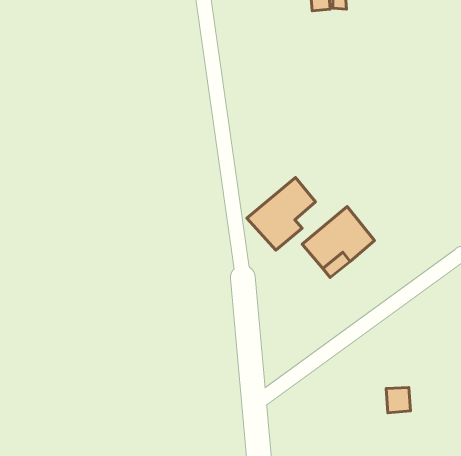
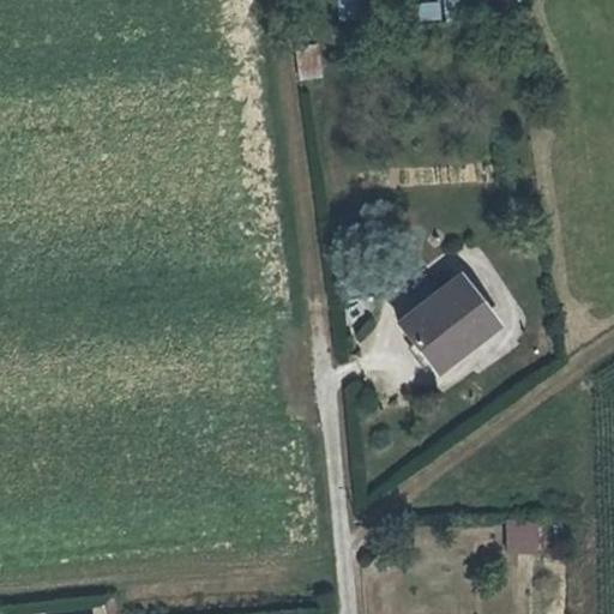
building: [247,177,316,250] -> none

